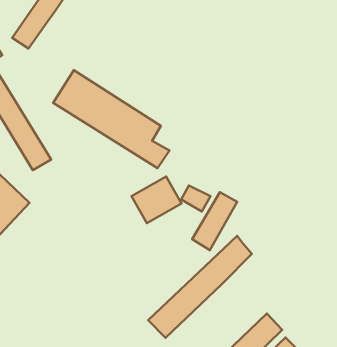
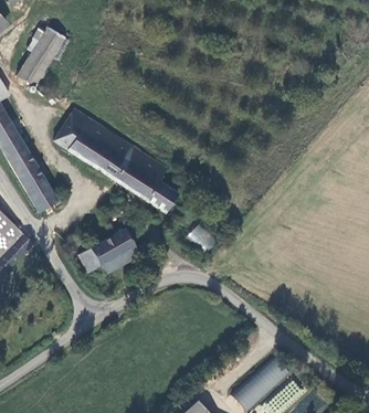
building: [132,176,181,223] -> [88,226,139,274]
building: [192,192,237,250] -> none
building: [148,236,252,338] -> none

